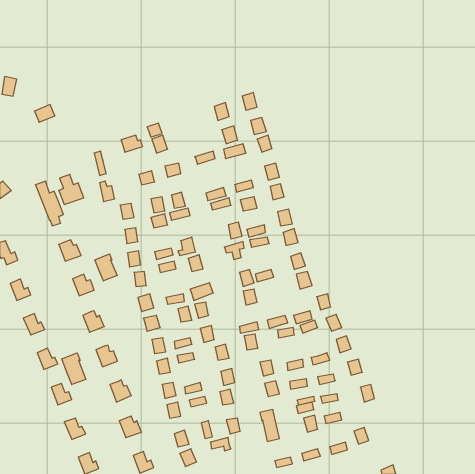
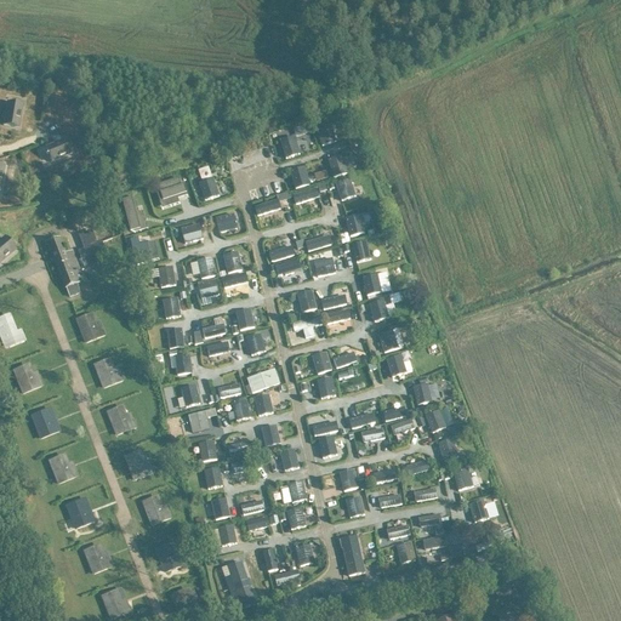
building: [95,254,117,281] -> none
building: [62,353,86,385] -> none

